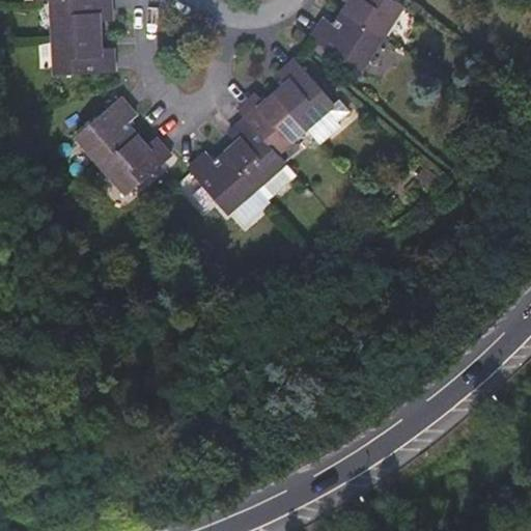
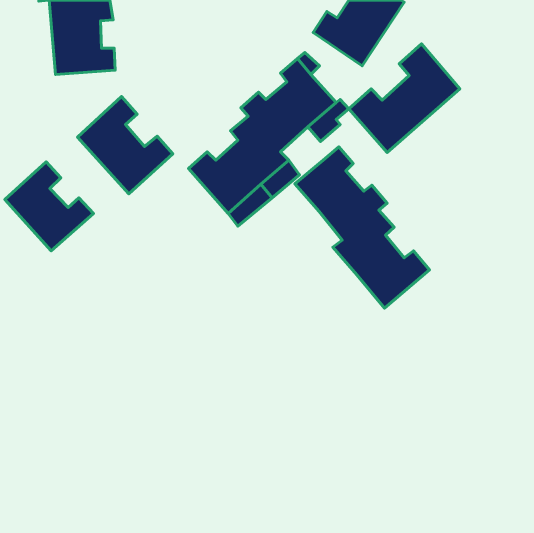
building: none -> [349,44,460,153]
building: none -> [295,147,430,308]
building: none -> [5,162,94,251]

